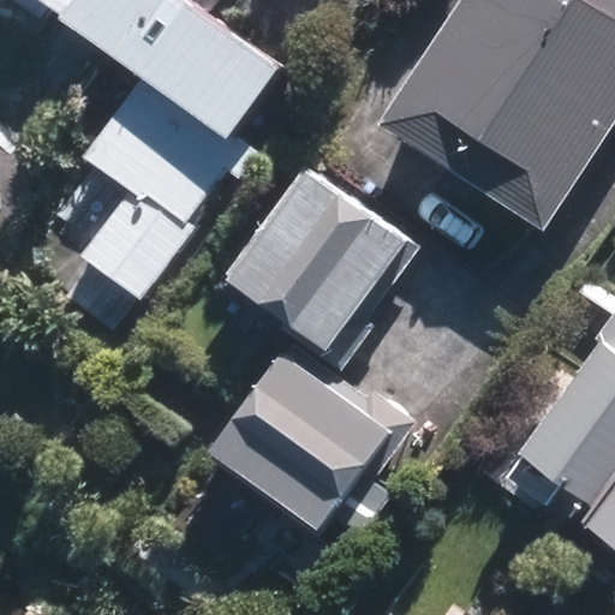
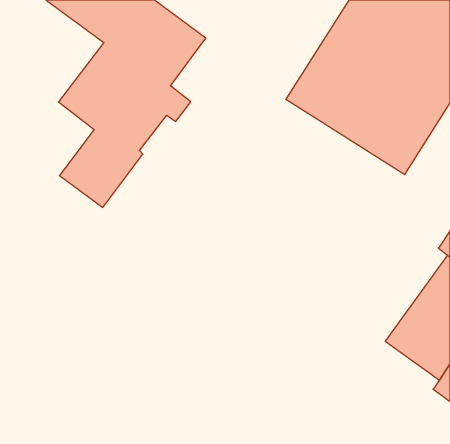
building: [222,159,417,365] -> none
building: [207,336,412,525] -> none

